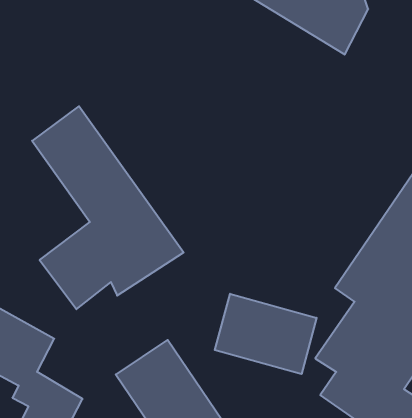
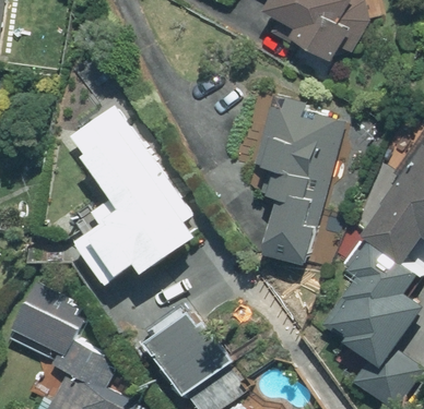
building: none -> [255,95,344,264]
building: [215,294,317,374] -> none

